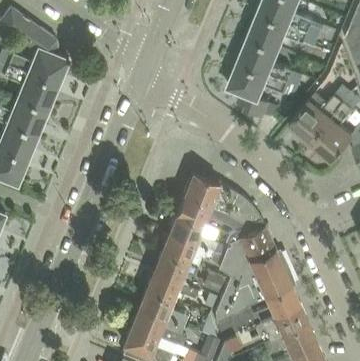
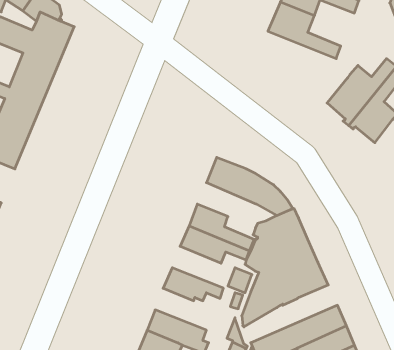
building: [229,63,299,119] -> none
building: [177,196,247,230] -> none
building: [155,252,204,289] -> none
building: [218,286,300,337] -> none
building: [140,289,189,326] -> none

